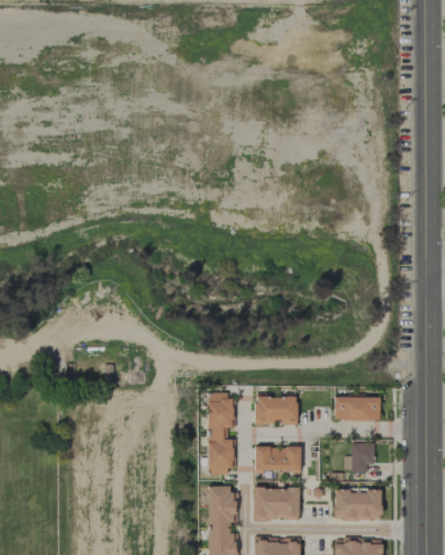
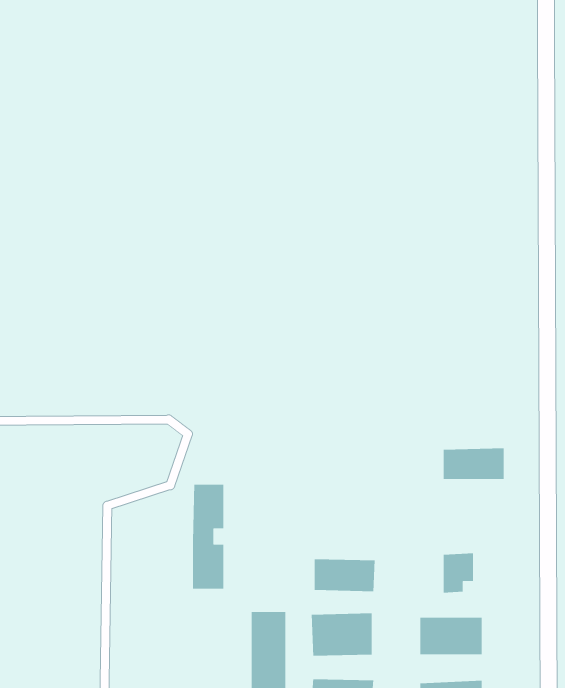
building: [208,393,232,473] -> [192,484,224,589]
building: [255,396,298,424] -> none
building: [334,396,380,420] -> [443,448,504,480]

